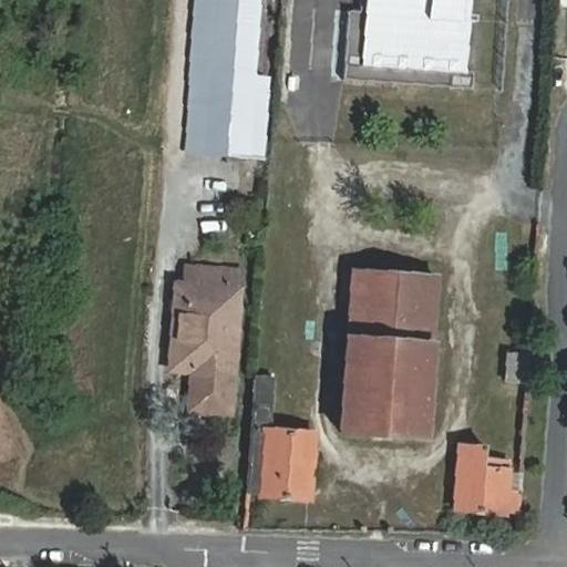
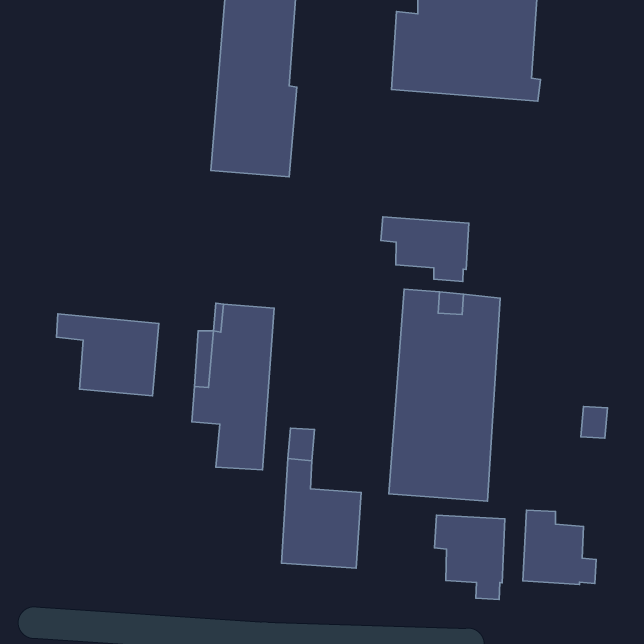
building: none -> [381,217,469,281]
building: none -> [57,314,159,396]
building: none -> [434,515,505,600]

